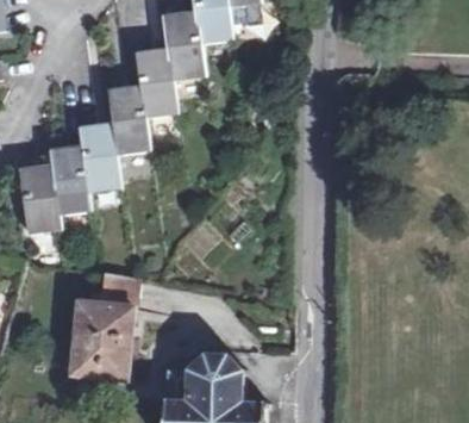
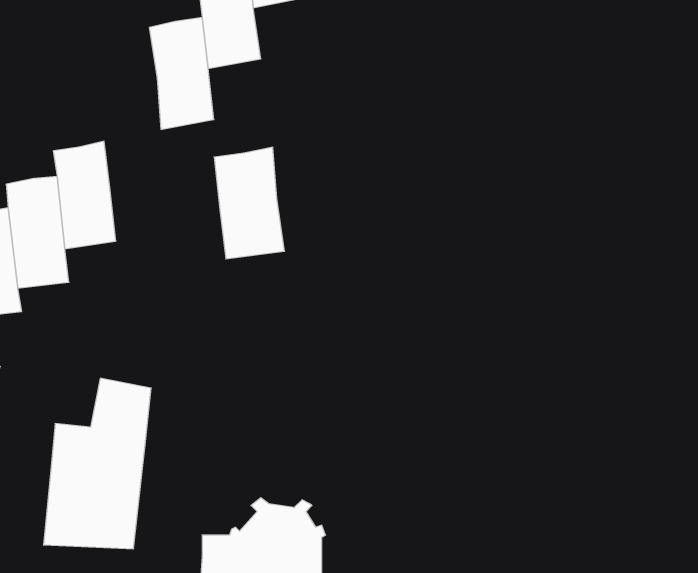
building: [104,87,146,155] -> [214,147,285,259]

